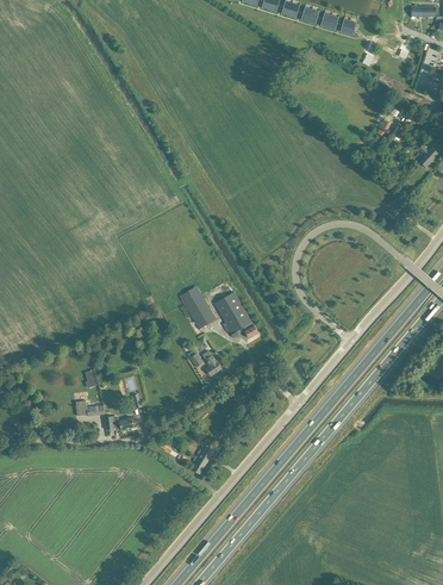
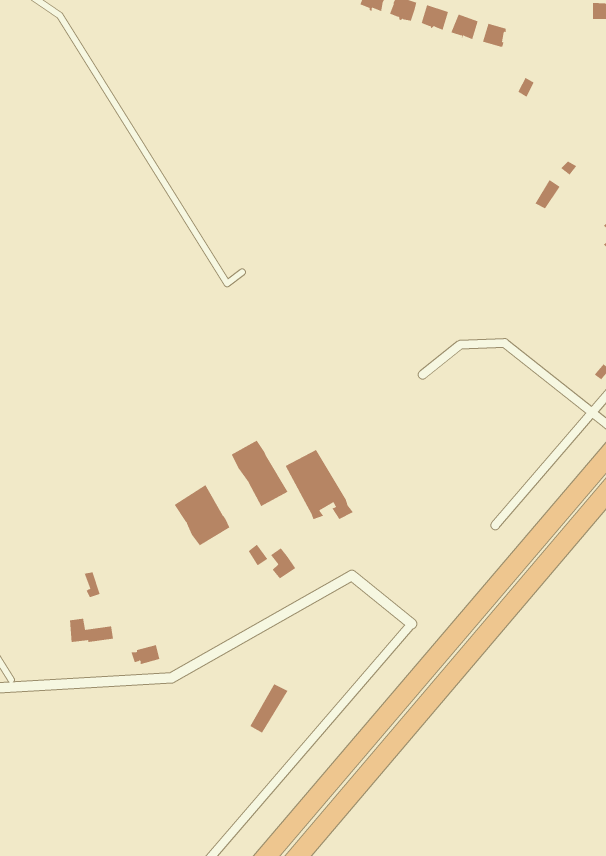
building: none -> [174,484,230,546]

